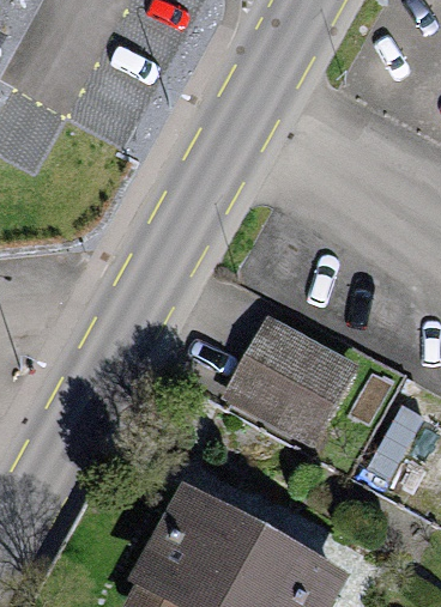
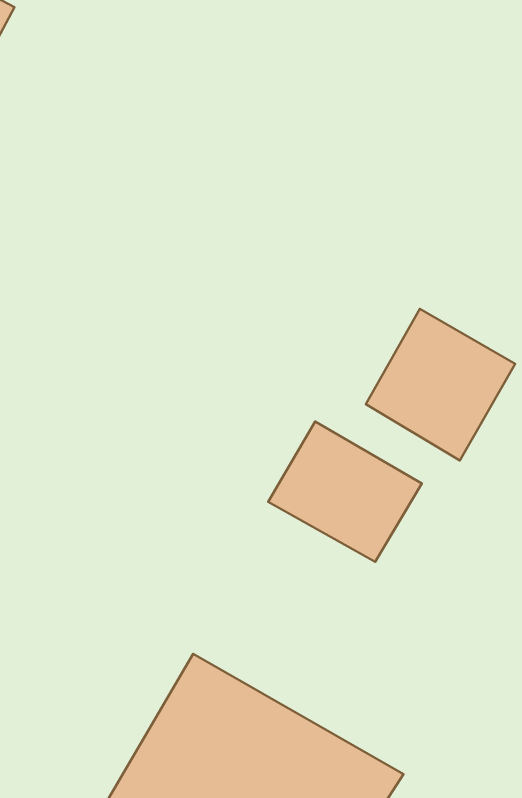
building: none -> [366,309,515,461]

